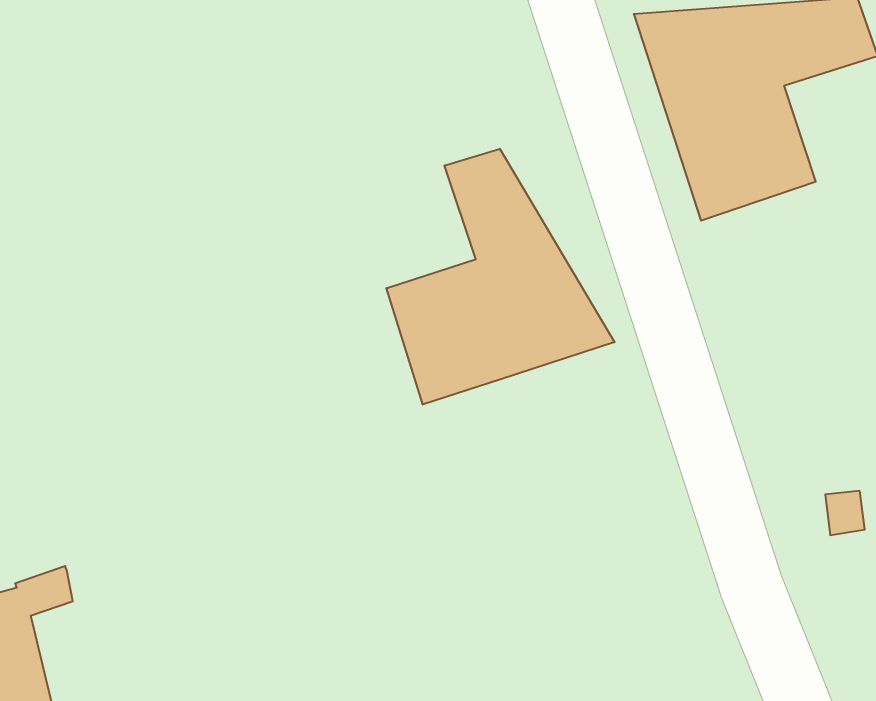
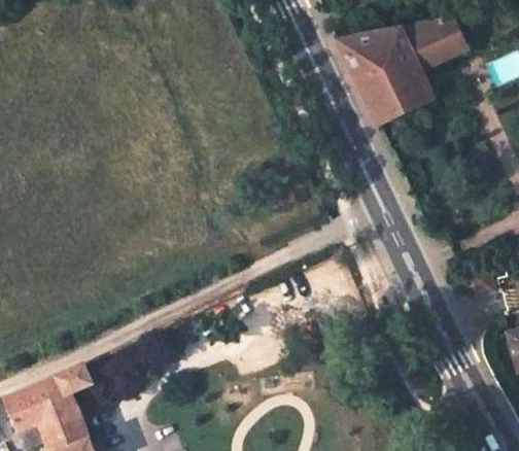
building: [386,149,615,405] -> none

